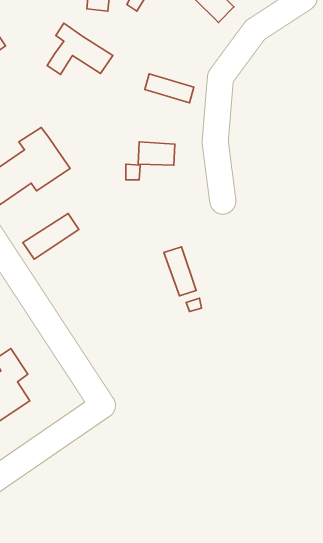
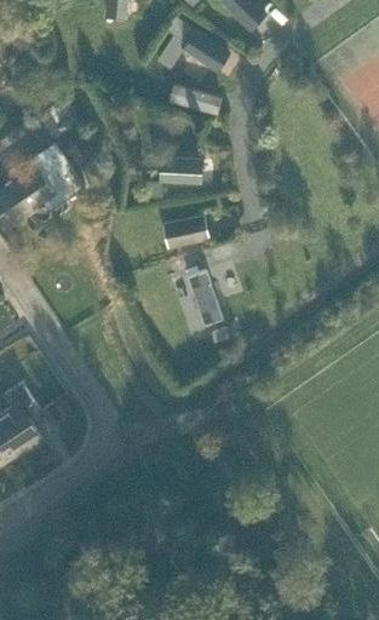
building: [47,23,113,75] -> [155,15,226,70]
building: none -> [162,216,205,247]
building: [23,214,79,259] -> none

